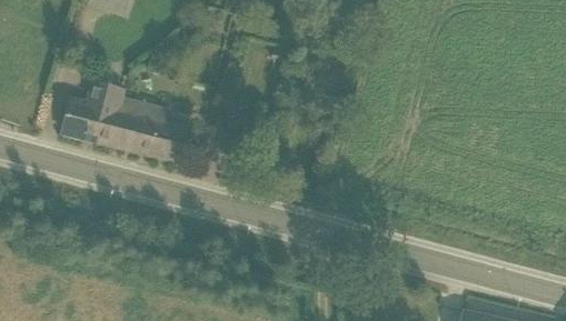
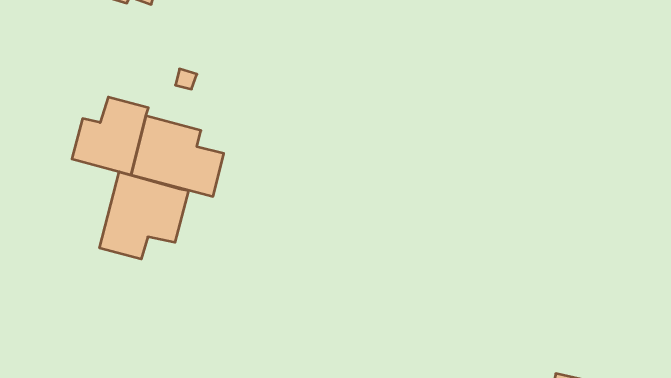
building: none -> [100,172,189,259]

